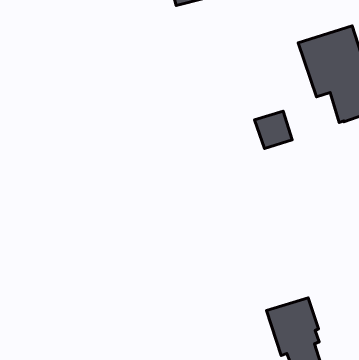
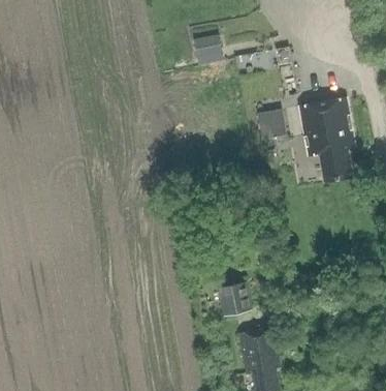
building: [254,111,292,149] -> [257,108,287,138]
building: none -> [217,282,252,317]

